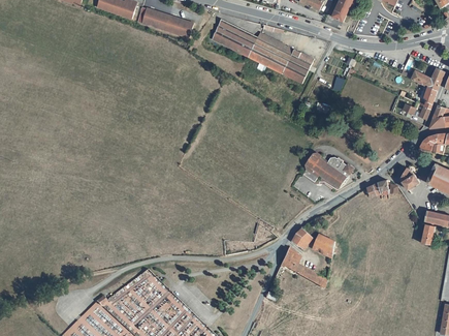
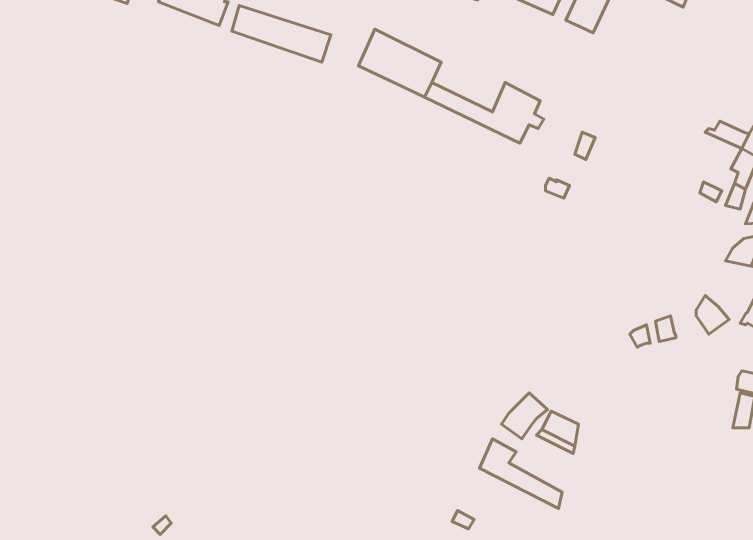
building: [252,32,293,65] -> none
building: [303,153,354,187] -> none

